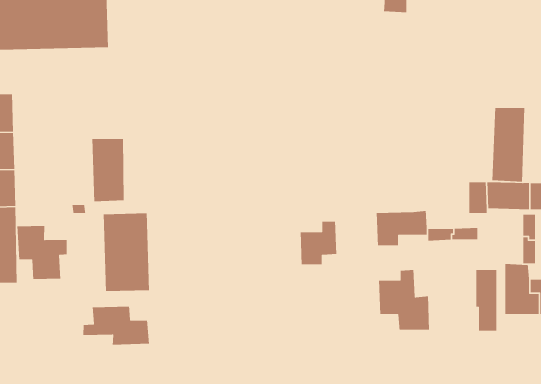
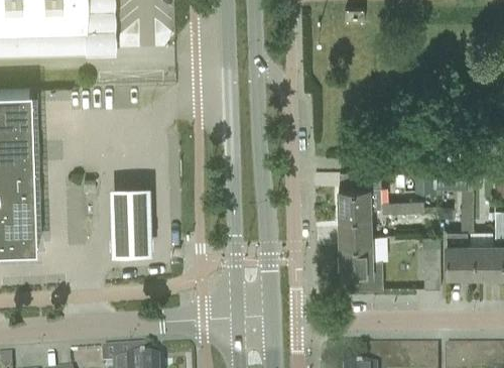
building: [491,107,525,182] -> none
building: [91,138,125,202] -> none
building: [300,221,337,265] -> [339,210,370,247]
building: [17,225,68,280] -> none
building: [82,306,150,345] -> none

